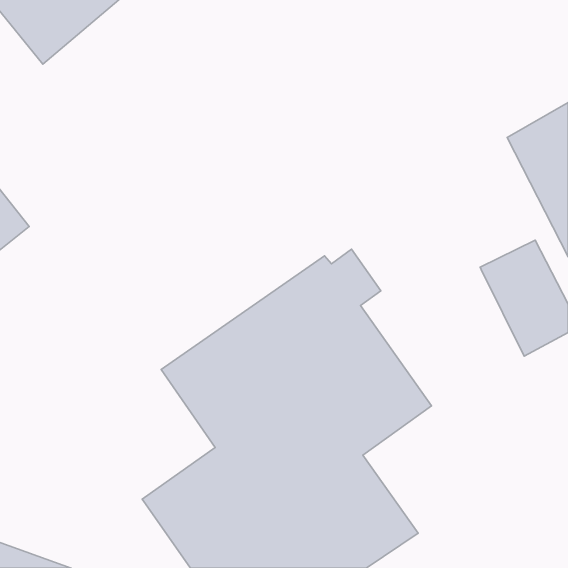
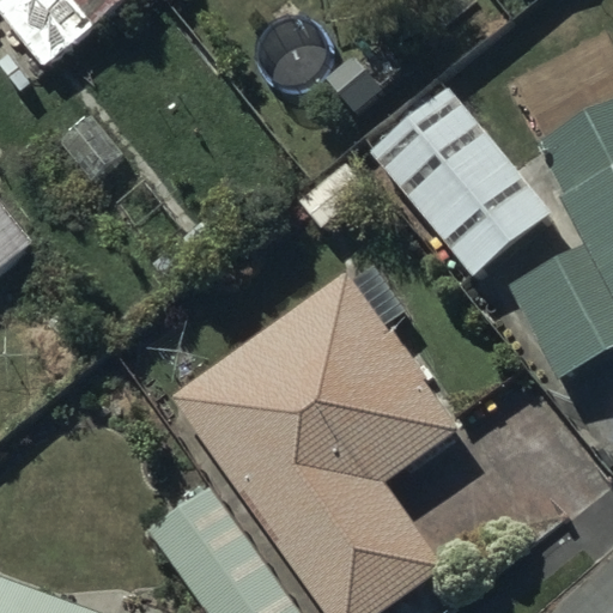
building: none -> [370,89,550,277]

